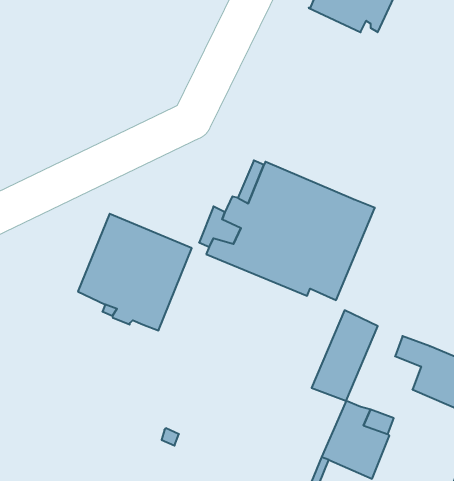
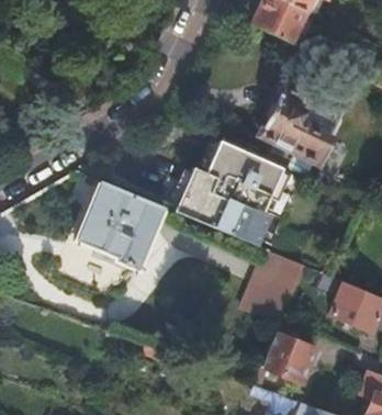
building: none -> [260,88,339,180]

